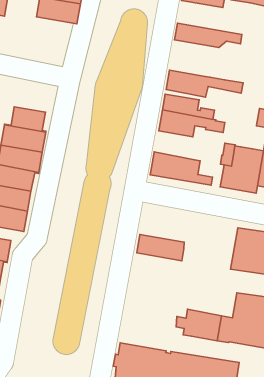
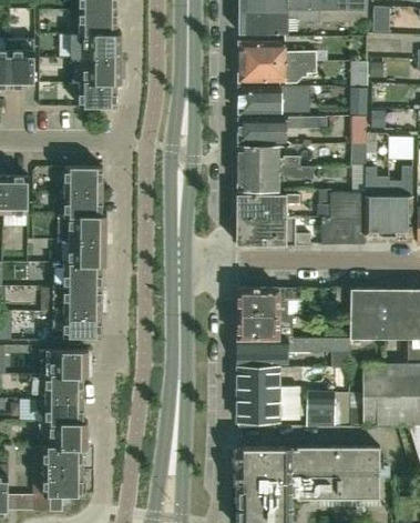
building: none -> [238,40,316,61]
building: none -> [72,82,121,107]
building: none -> [238,87,308,113]
building: none -> [64,167,102,192]
building: none -> [237,194,299,218]
building: none -> [237,288,301,316]
building: none -> [237,339,350,369]
building: none -> [237,368,280,421]

